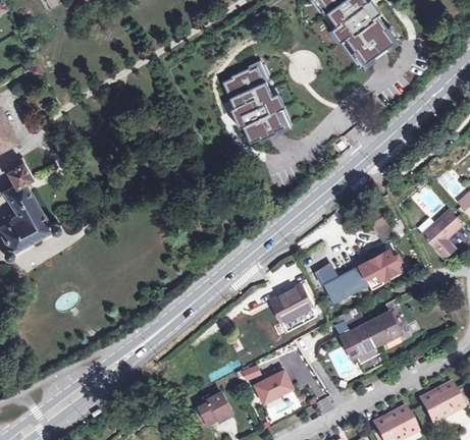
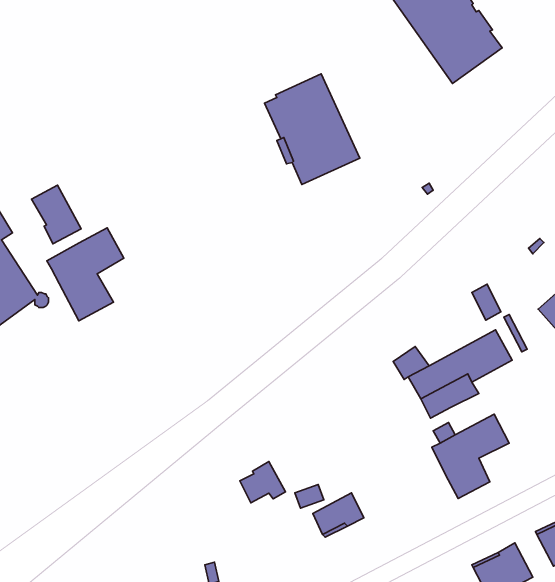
building: none -> [32,185,81,244]
building: none -> [47,228,124,321]
building: [269,283,313,322] -> none
building: [199,392,232,423] -> [240,461,286,503]

